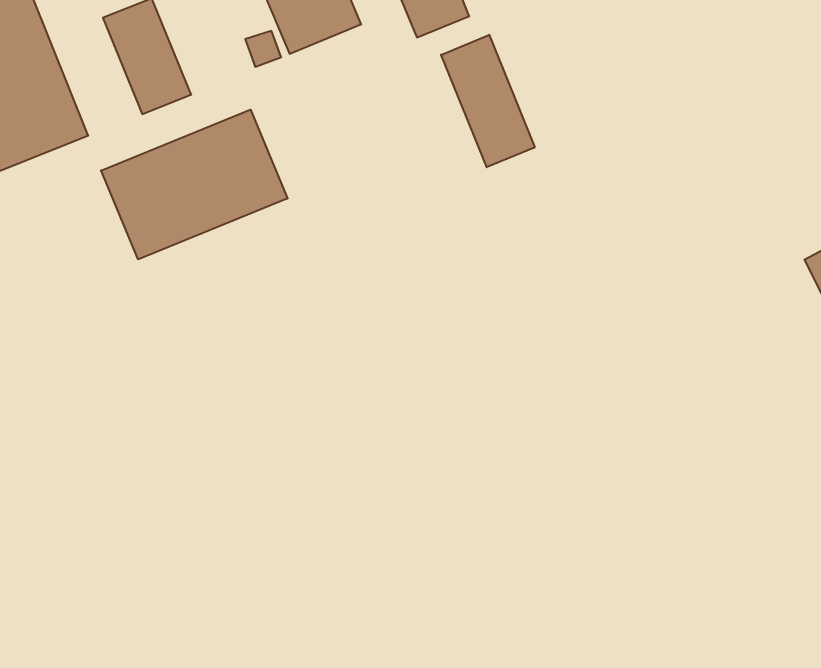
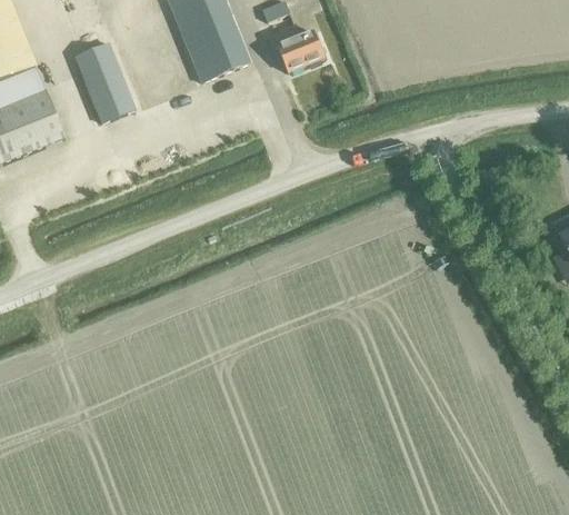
building: [441,35,535,167] -> none
building: [101,110,288,259] -> none

